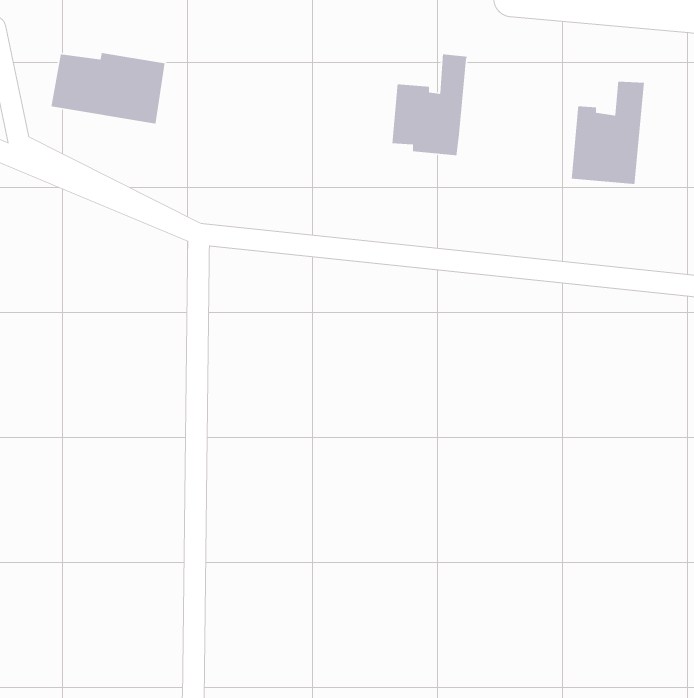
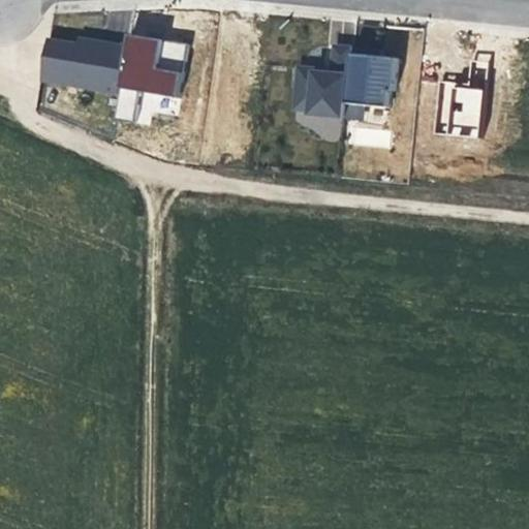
building: none -> [114,35,186,123]
building: none -> [347,44,398,105]

